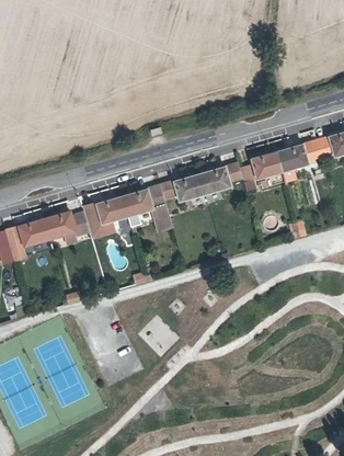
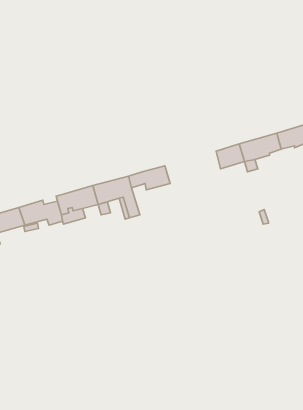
building: [197,164,241,194] -> none

